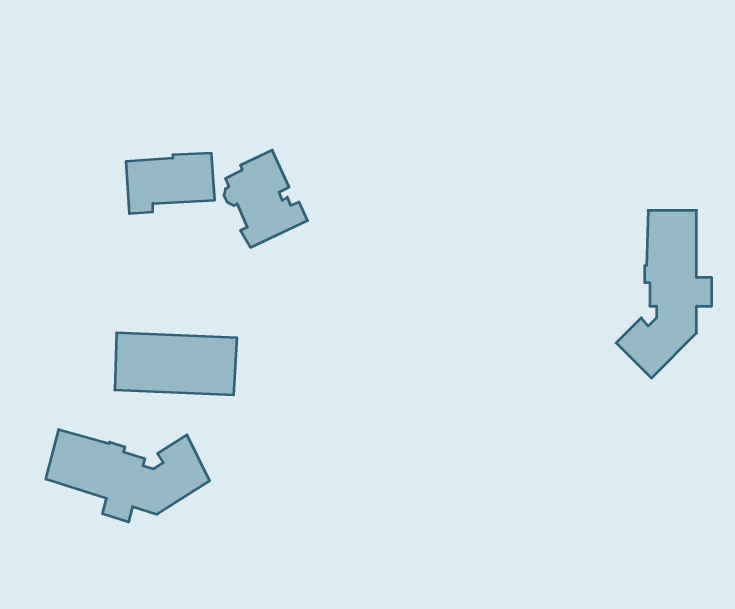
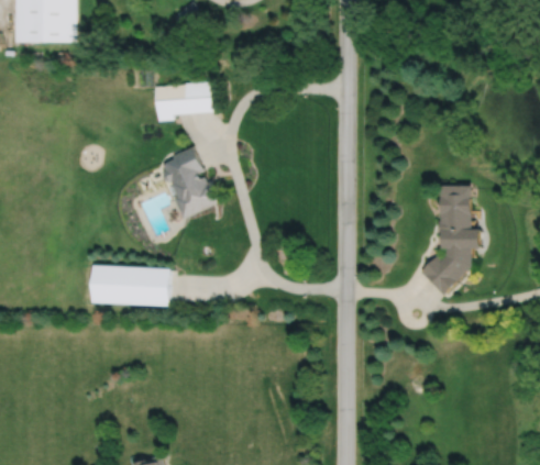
building: [126,153,215,214] -> [155,81,213,121]
building: [46,429,209,522] -> none

